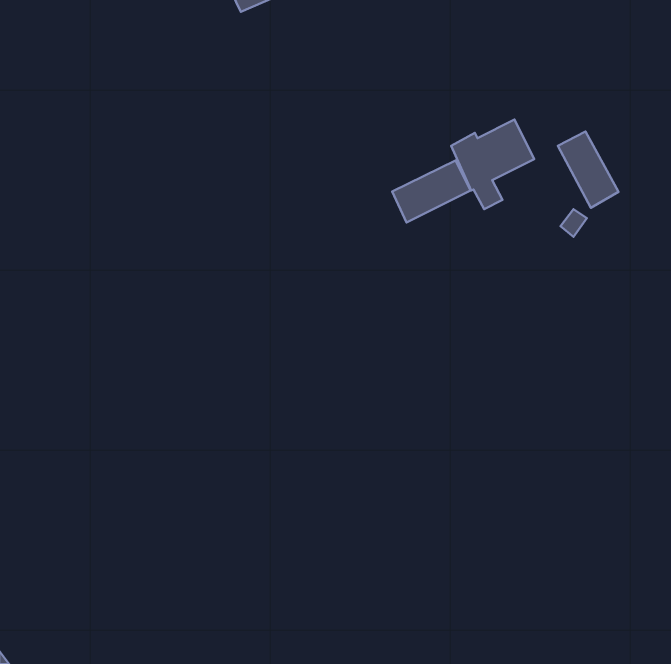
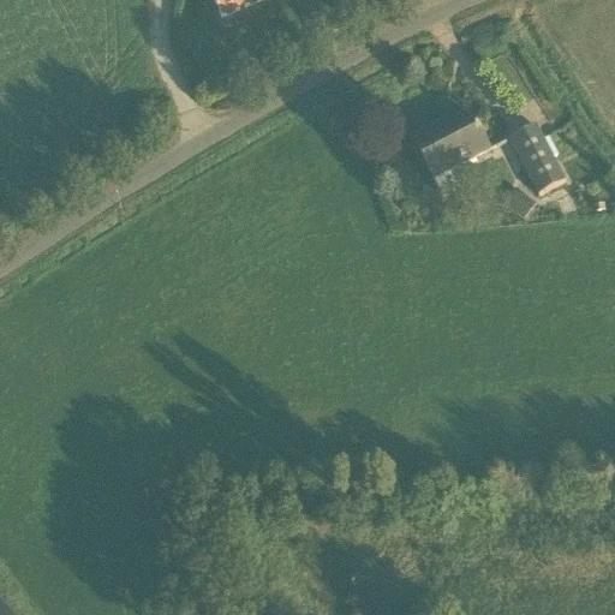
building: [392,161,471,223] -> none

